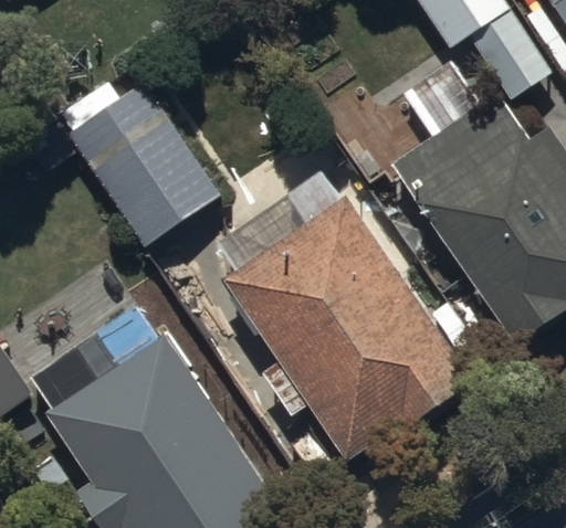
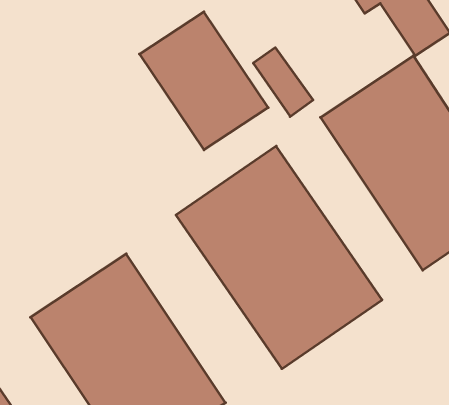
building: [67,78,222,244] -> [139,12,268,150]

